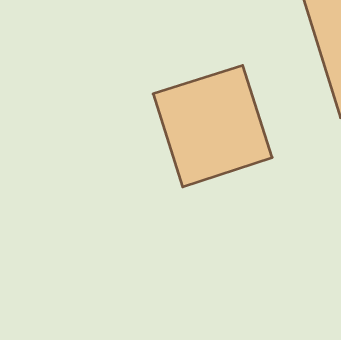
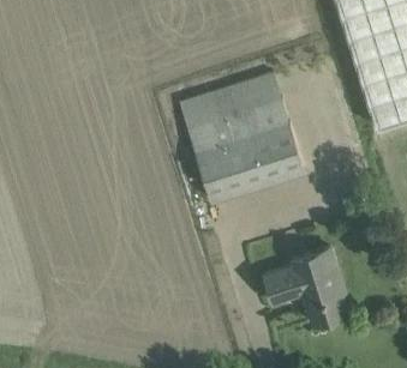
building: none -> [264,247,346,324]

